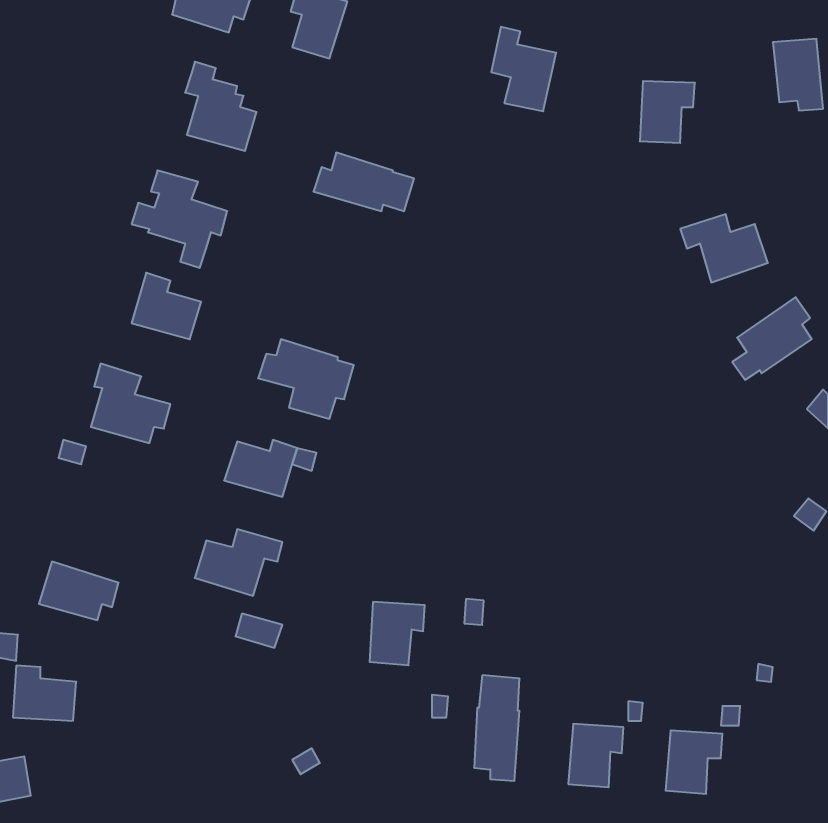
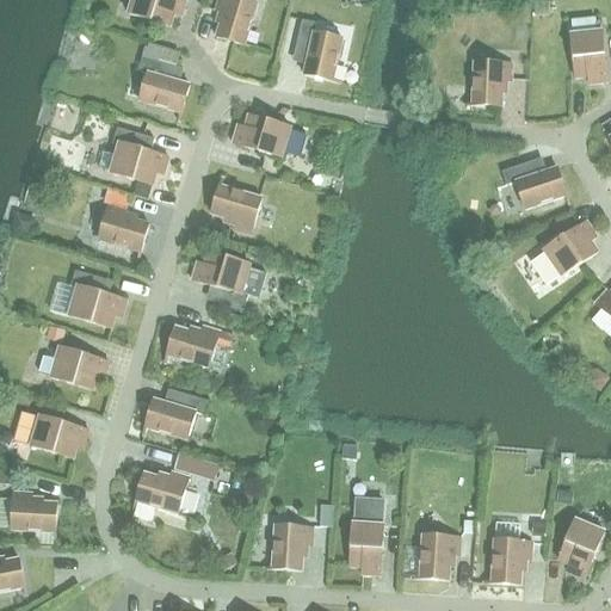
building: [491,27,556,111] -> [292,17,340,79]
building: none -> [210,184,260,233]
building: none -> [37,345,107,388]
building: [370,602,425,665] -> [271,523,311,569]
building: none -> [135,469,187,511]
building: none -> [556,517,603,576]

